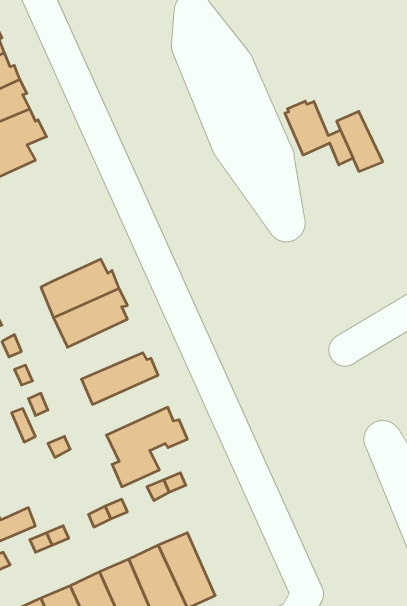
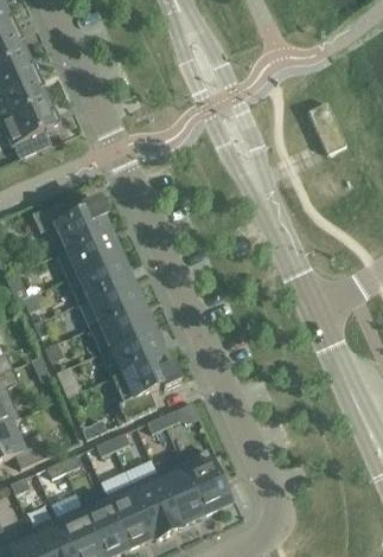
building: [285,101,353,165] -> none
building: none -> [32,198,107,247]
building: none -> [78,278,143,329]
building: none -> [100,326,164,377]
building: none -> [180,448,230,513]

